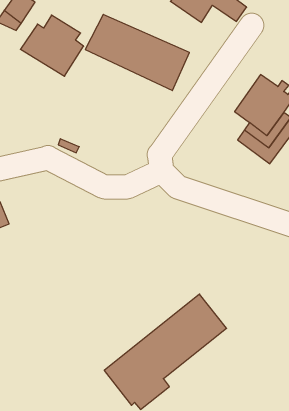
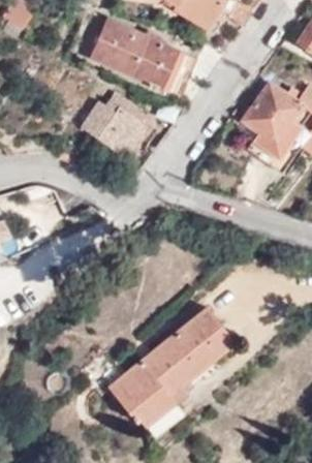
building: [20,15,84,76] -> [82,92,147,155]

